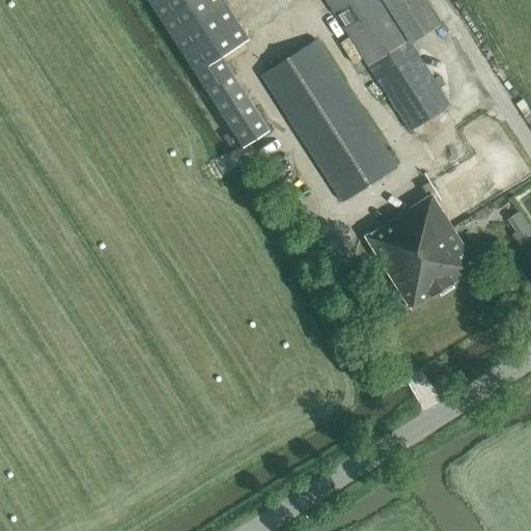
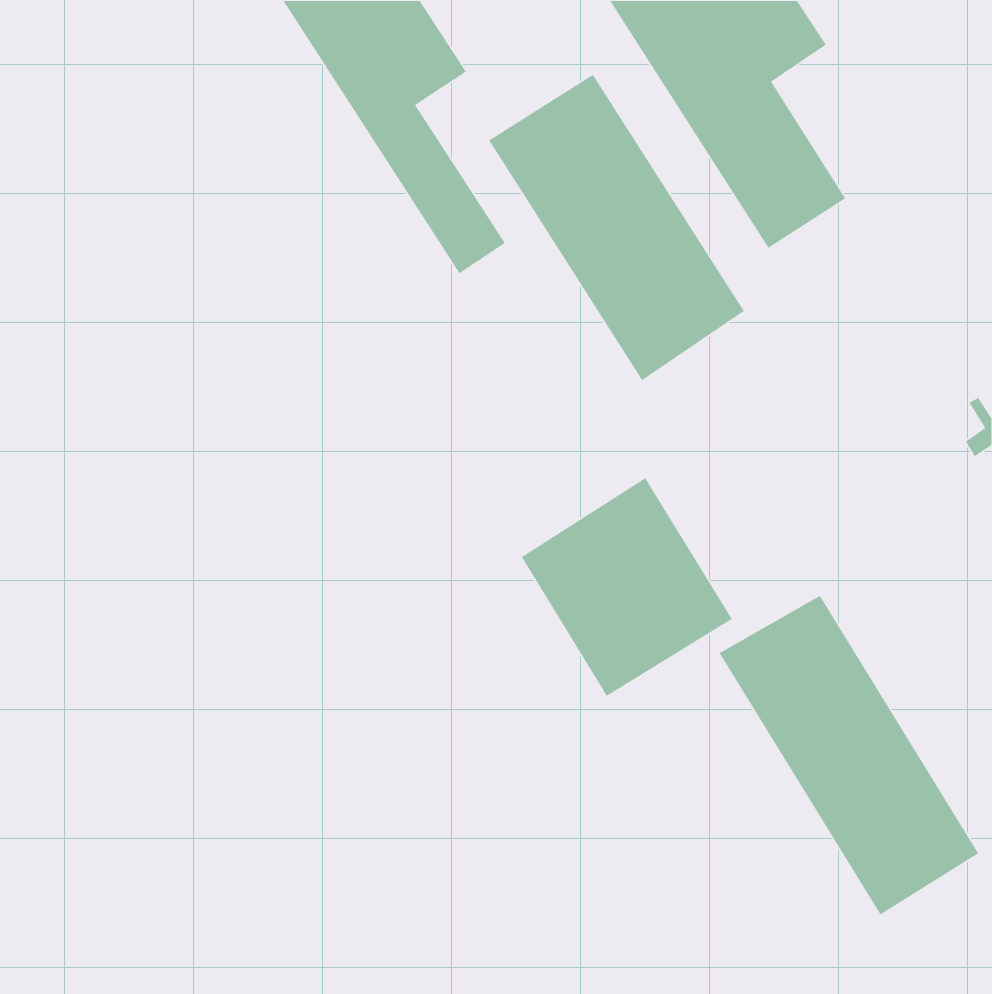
building: [365,193,478,310] -> [521,477,733,697]
building: none -> [718,595,979,915]

